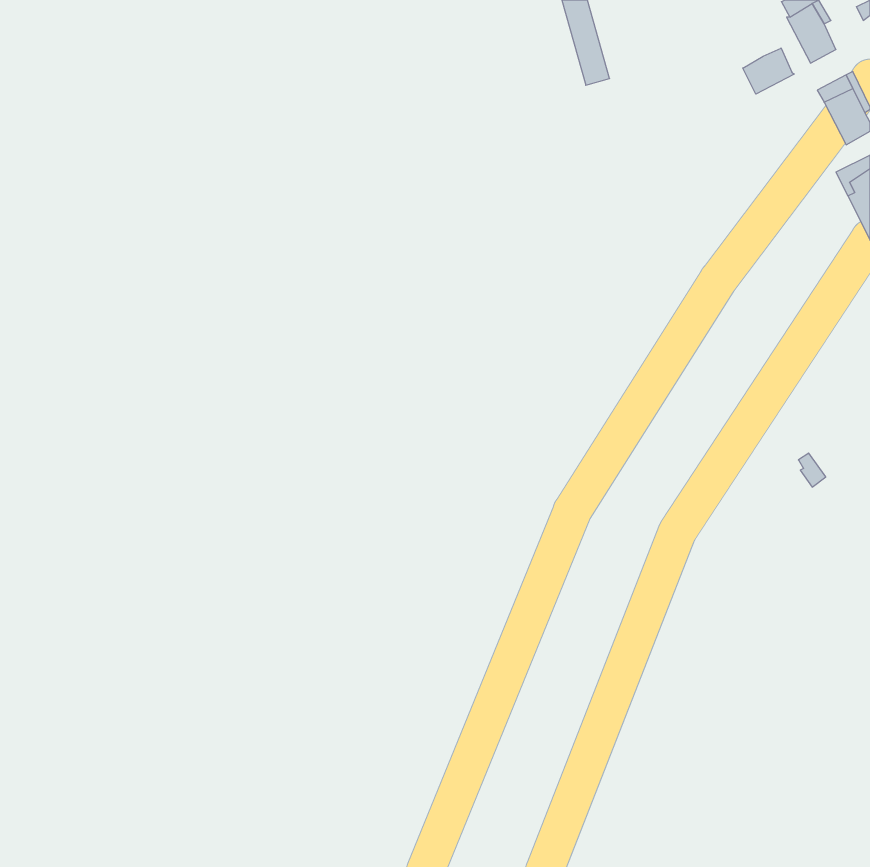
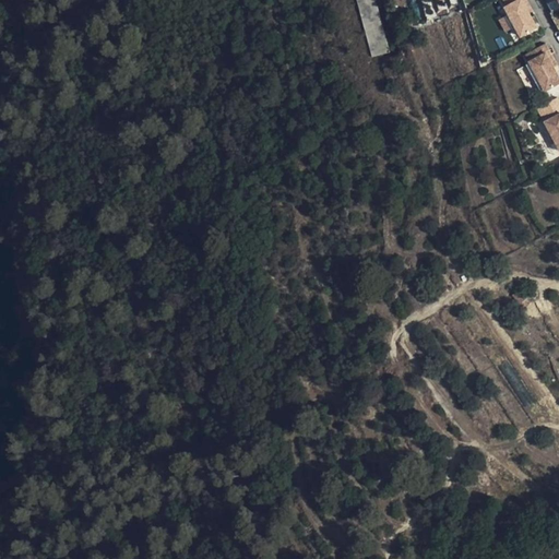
building: [743,48,794,94] -> none

